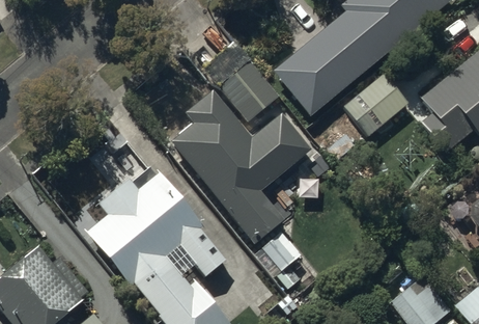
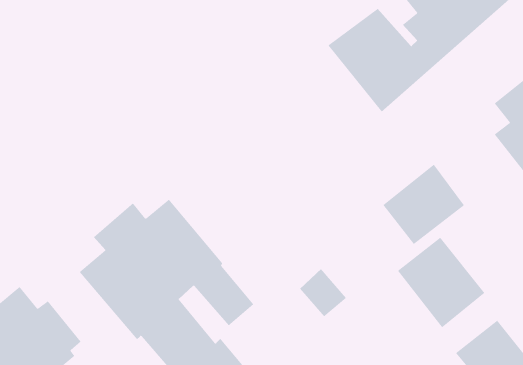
building: [343,70,410,135] -> [383,164,465,245]
building: [171,88,315,243] -> none
building: none -> [397,237,485,328]

